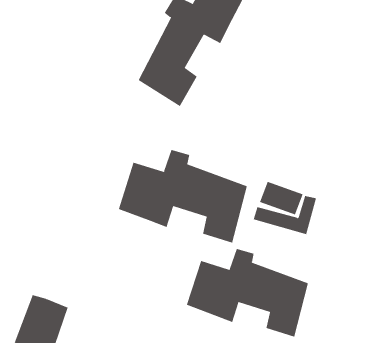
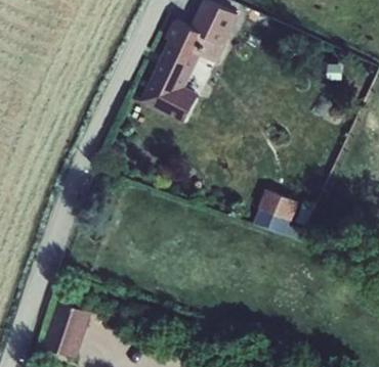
building: [118,149,248,244] -> none
building: [186,248,309,338] -> none

